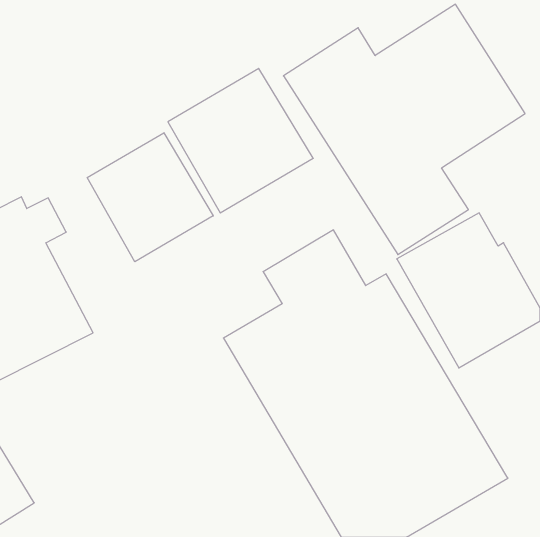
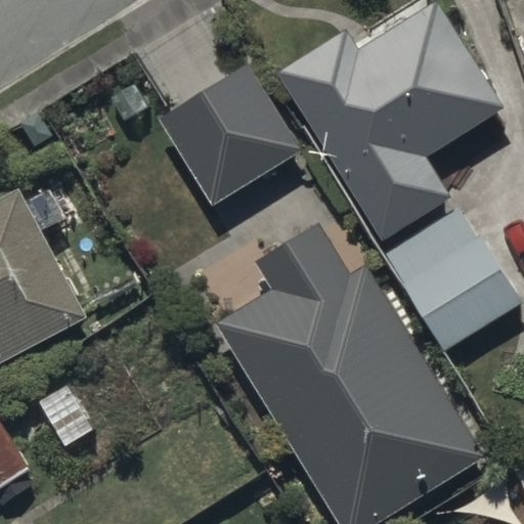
building: [87,133,213,262] -> none

